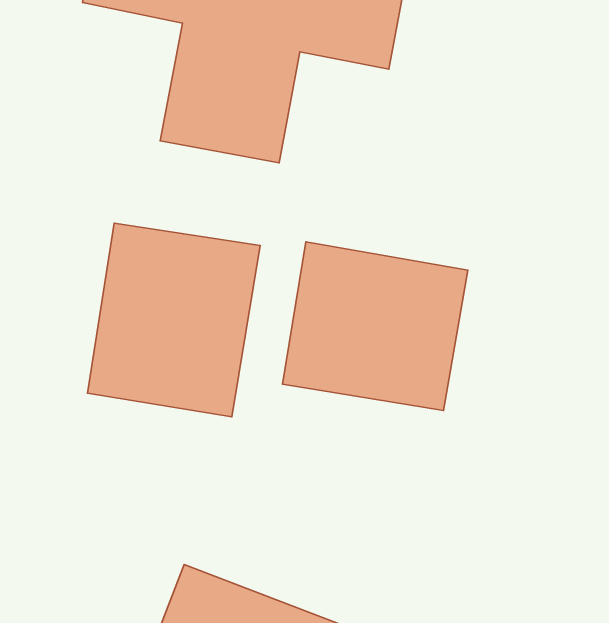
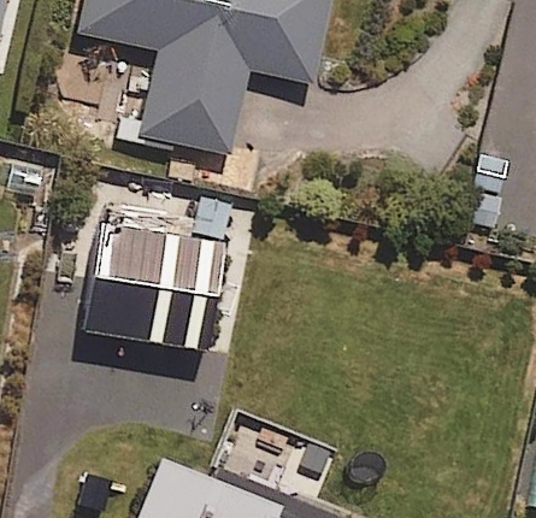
building: [283,242,468,411] -> none

